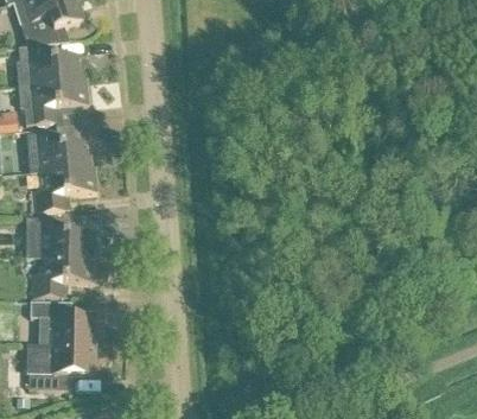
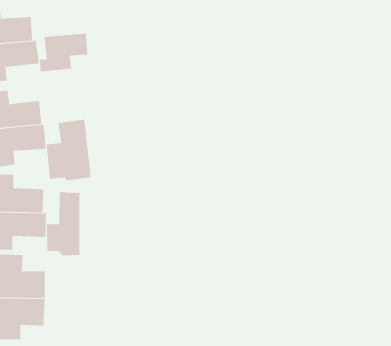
building: none -> [39,33,88,72]
building: none -> [46,119,91,181]
building: none -> [47,191,81,256]

